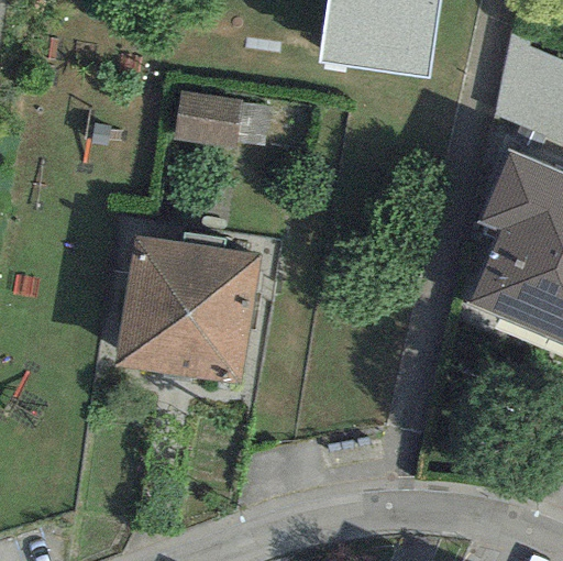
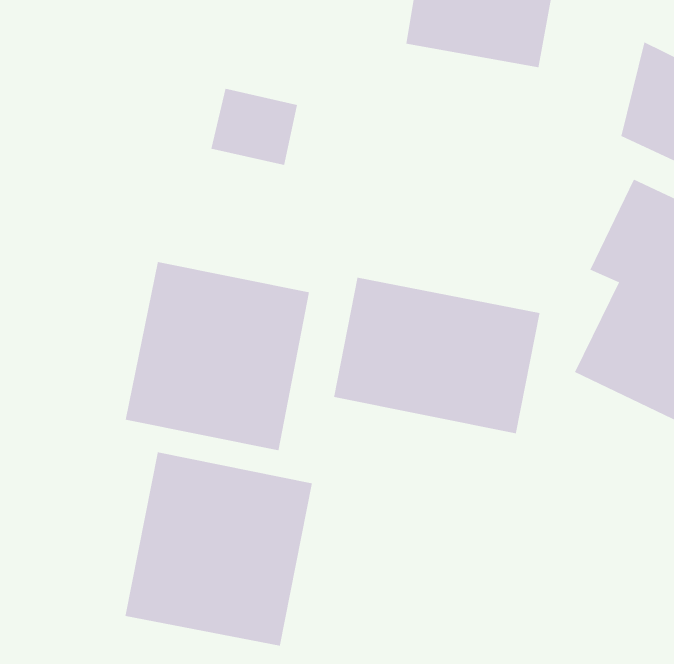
building: none -> [333,277,540,434]
building: none -> [125,452,312,646]

